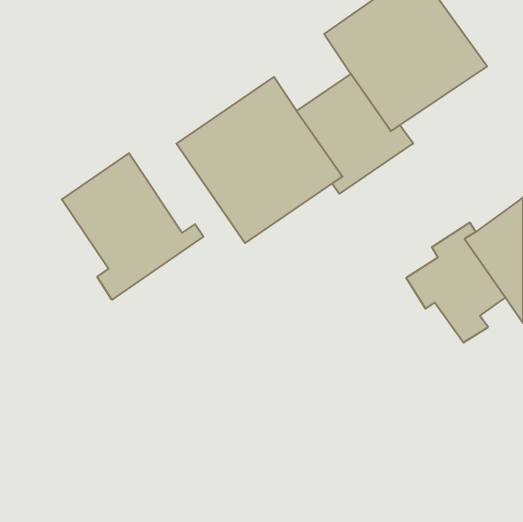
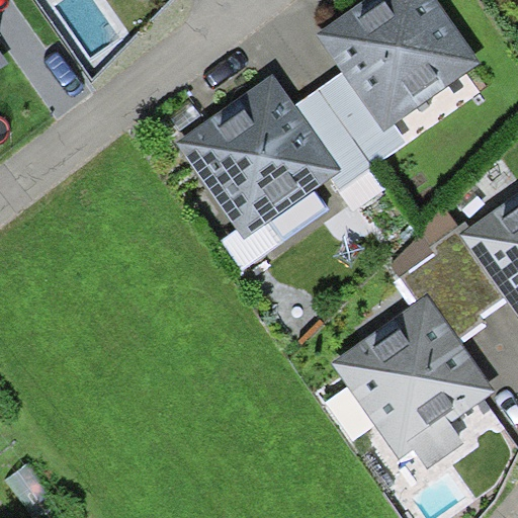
building: [62,153,203,300] -> none
building: none -> [336,298,493,466]

